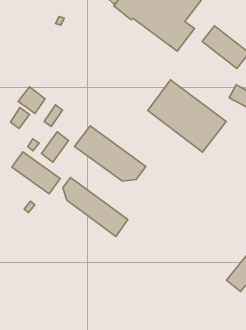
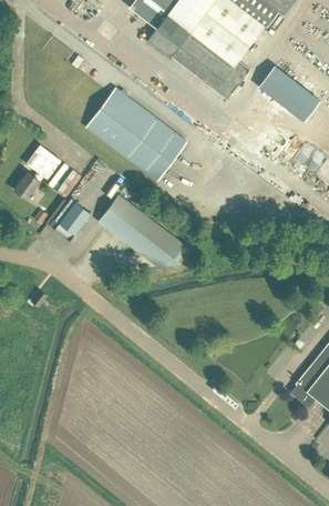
building: [148,80,226,152] -> [86,88,186,180]
building: [12,152,60,194] -> none
building: [63,177,128,236] -> none

